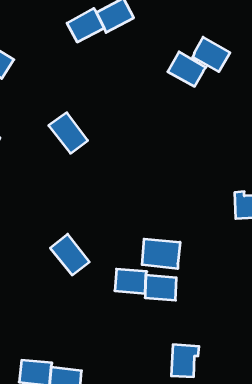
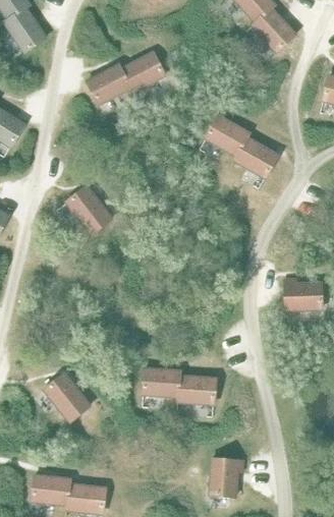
building: [193,37,230,72] -> [234,136,278,177]
building: [50,234,89,275] -> [44,374,90,421]
building: [142,239,180,269] -> none

